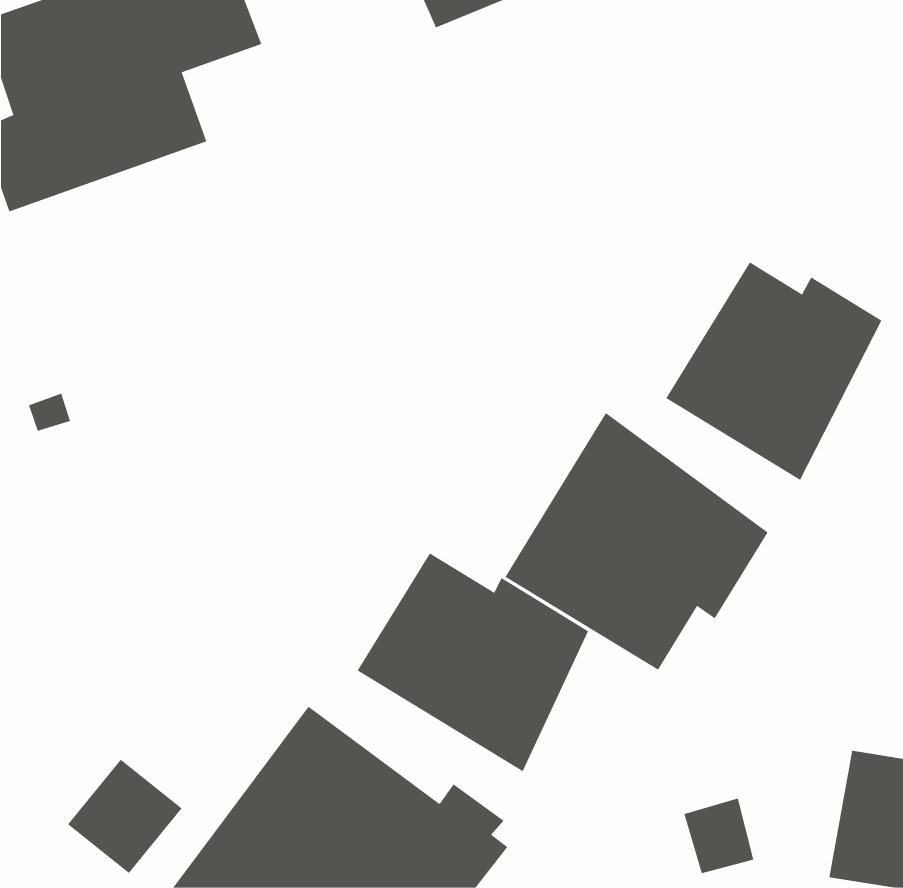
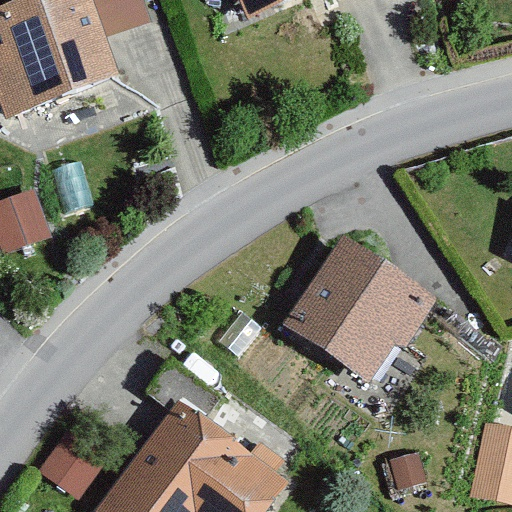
building: [665,262,882,481] -> none
building: [357,553,589,772] -> none

